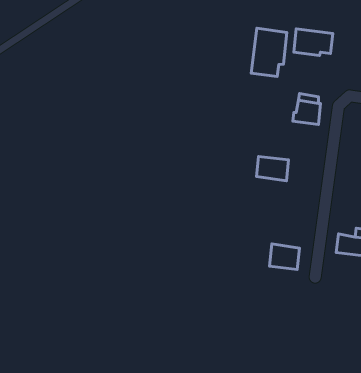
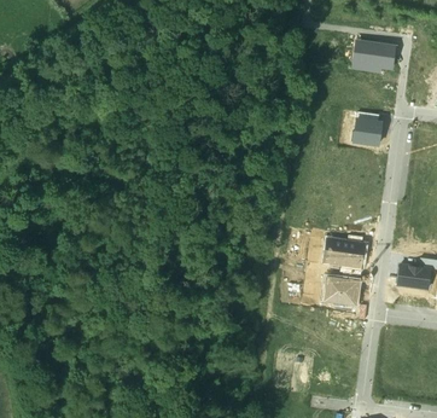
building: [251,28,287,77] -> none
building: [256,156,289,181] -> [330,239,365,266]

